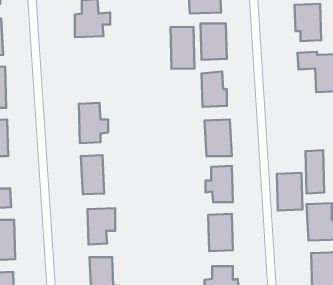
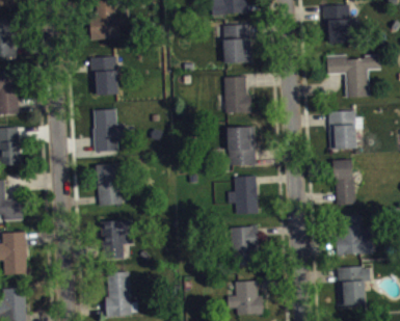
building: [170,27,194,69] -> none
building: none -> [91,56,118,95]
building: [277,173,302,210] -> [329,110,356,150]

